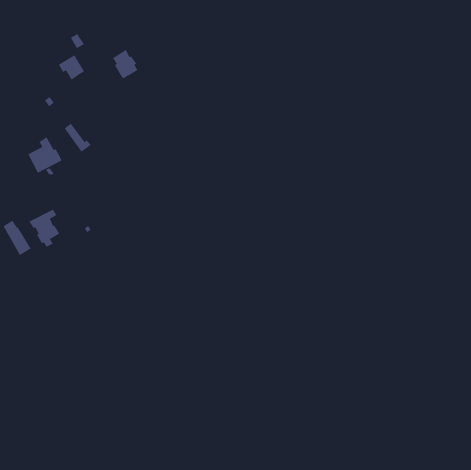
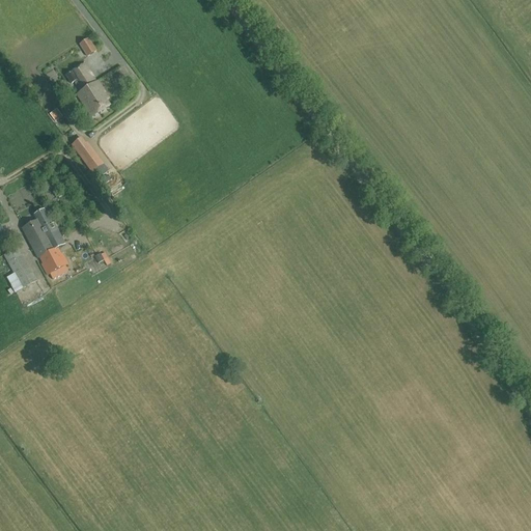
building: [112,49,138,79] -> [80,80,109,114]
building: [27,137,63,173] -> [21,207,60,249]

